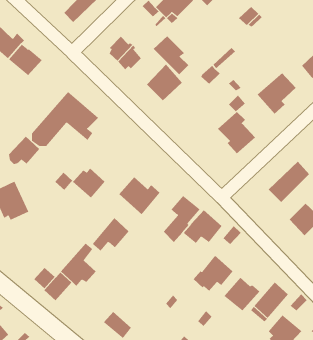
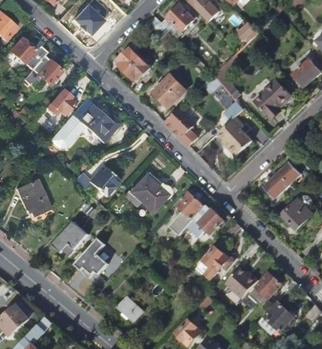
building: [153,35,189,75] -> [167,109,200,145]
building: [8,136,40,165] -> [46,89,75,115]
building: [92,217,130,251] -> [55,221,89,252]

